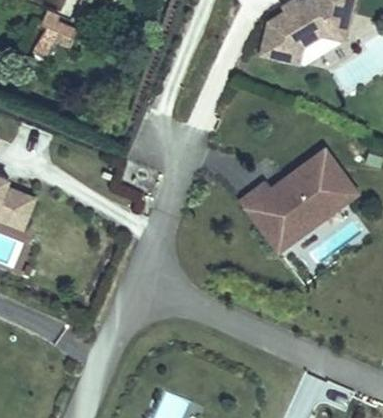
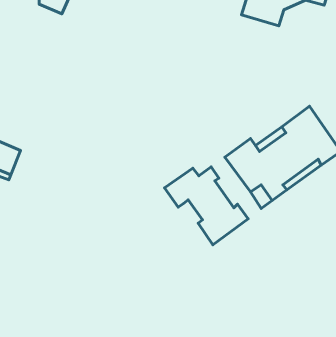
building: none -> [164,167,248,245]

